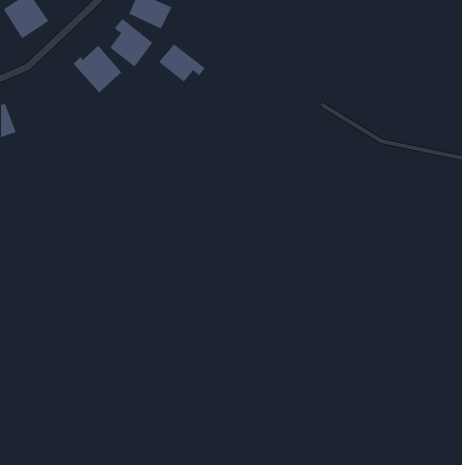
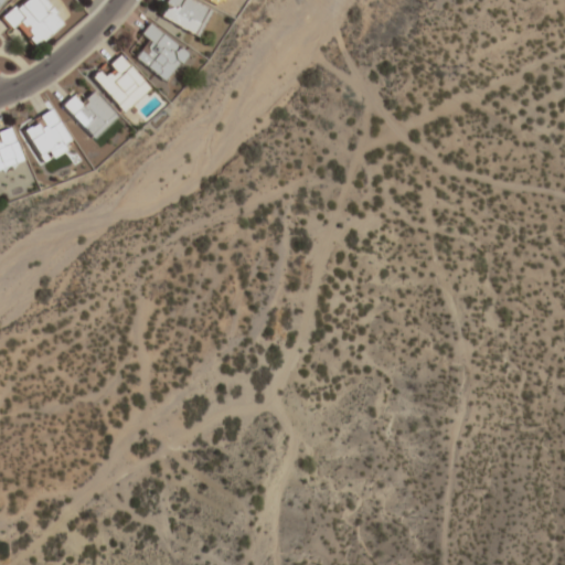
building: [158,44,205,82] -> none
building: none -> [64,90,119,139]
building: none -> [23,109,72,158]

